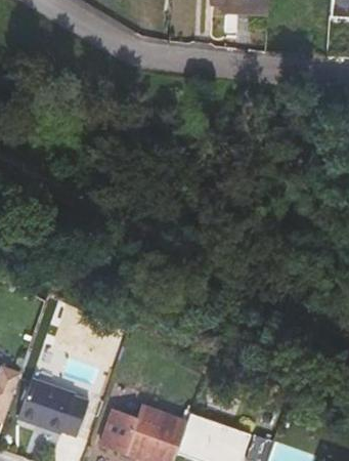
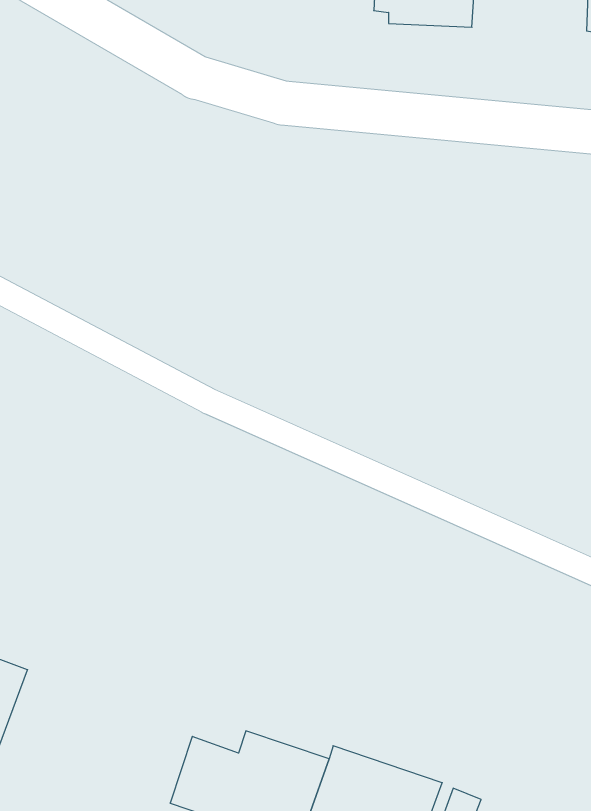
building: [18,376,90,434] -> none

